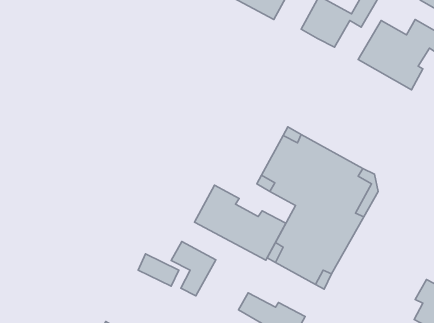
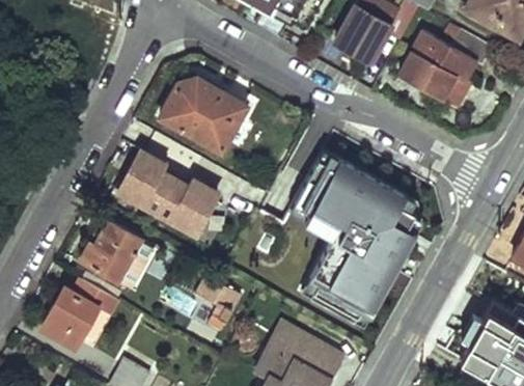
building: none -> [159,79,244,150]
building: [195,185,286,260] -> [118,153,218,235]
building: none -> [81,222,155,288]
building: none -> [43,280,118,342]

